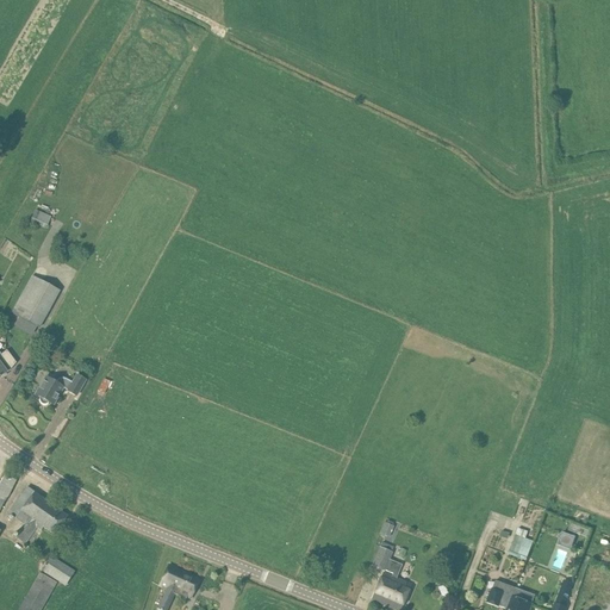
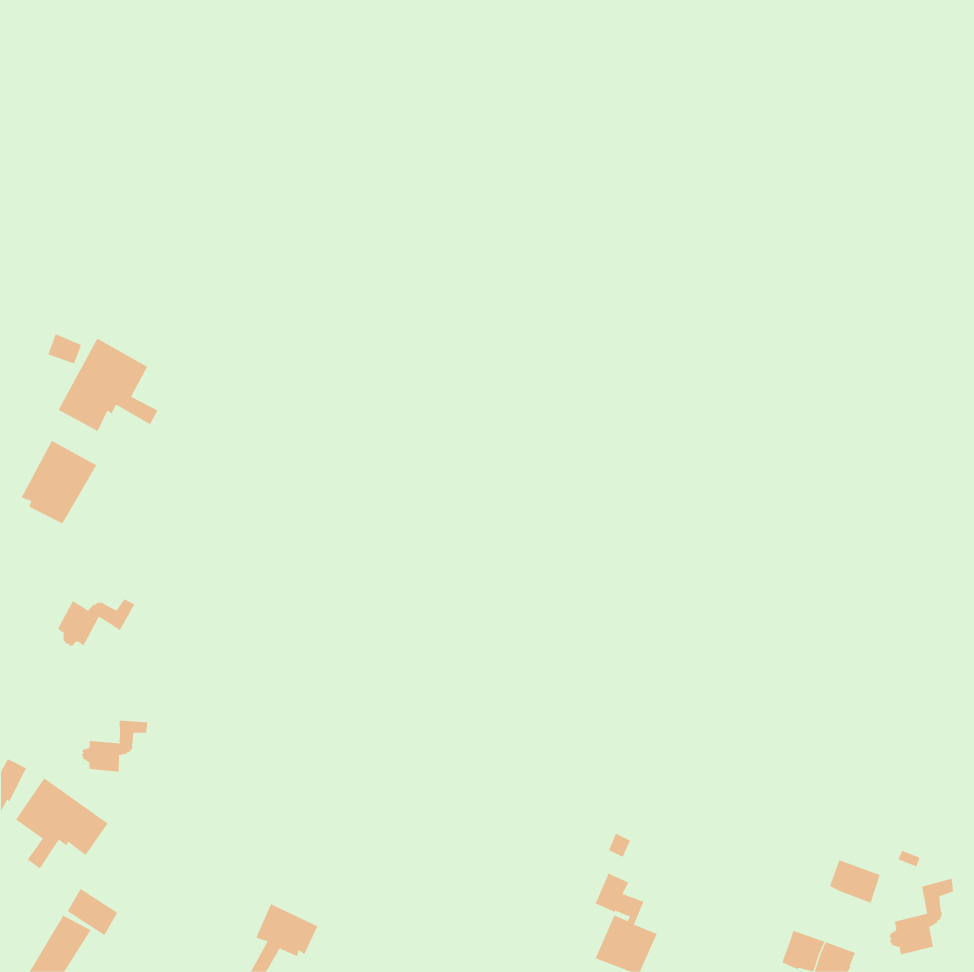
building: none -> [58,338,158,432]
building: none -> [81,720,148,772]
building: none -> [889,878,953,955]

